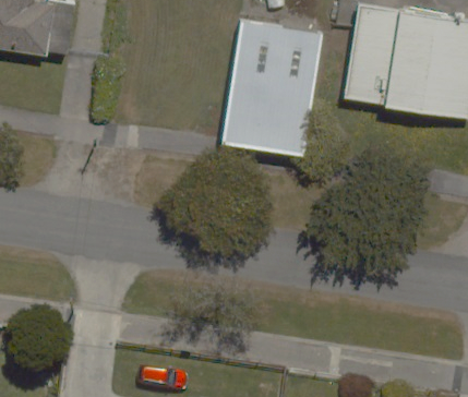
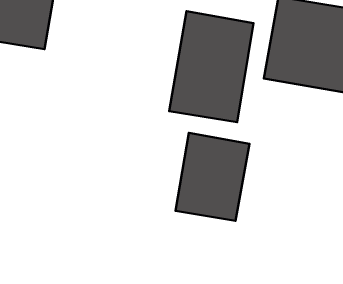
building: none -> [176,133,250,221]

